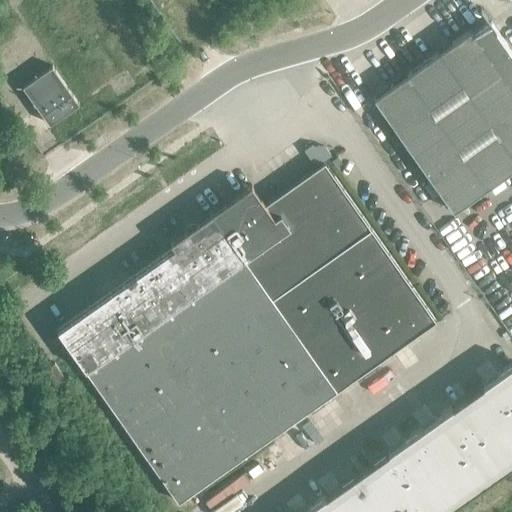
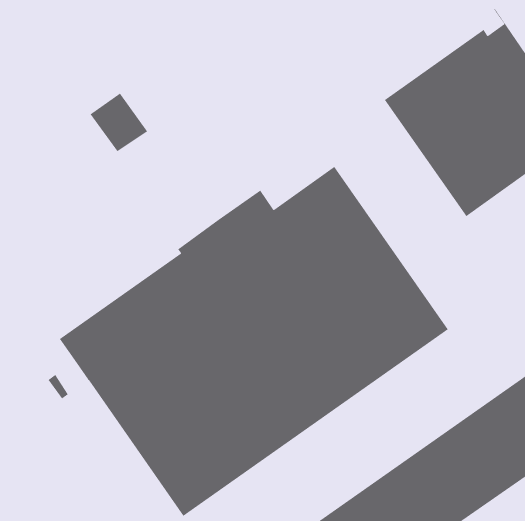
building: [23,71,80,129] -> [89,92,148,152]

